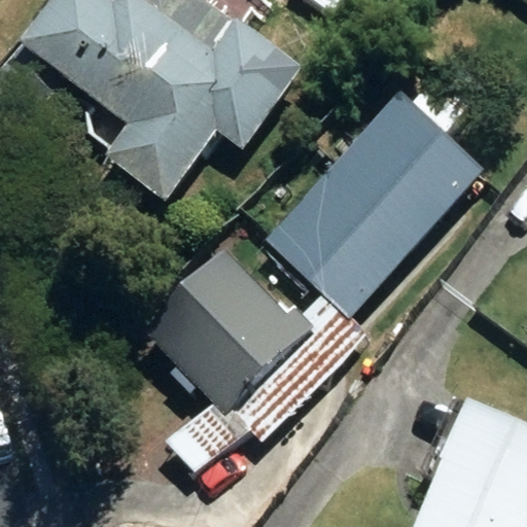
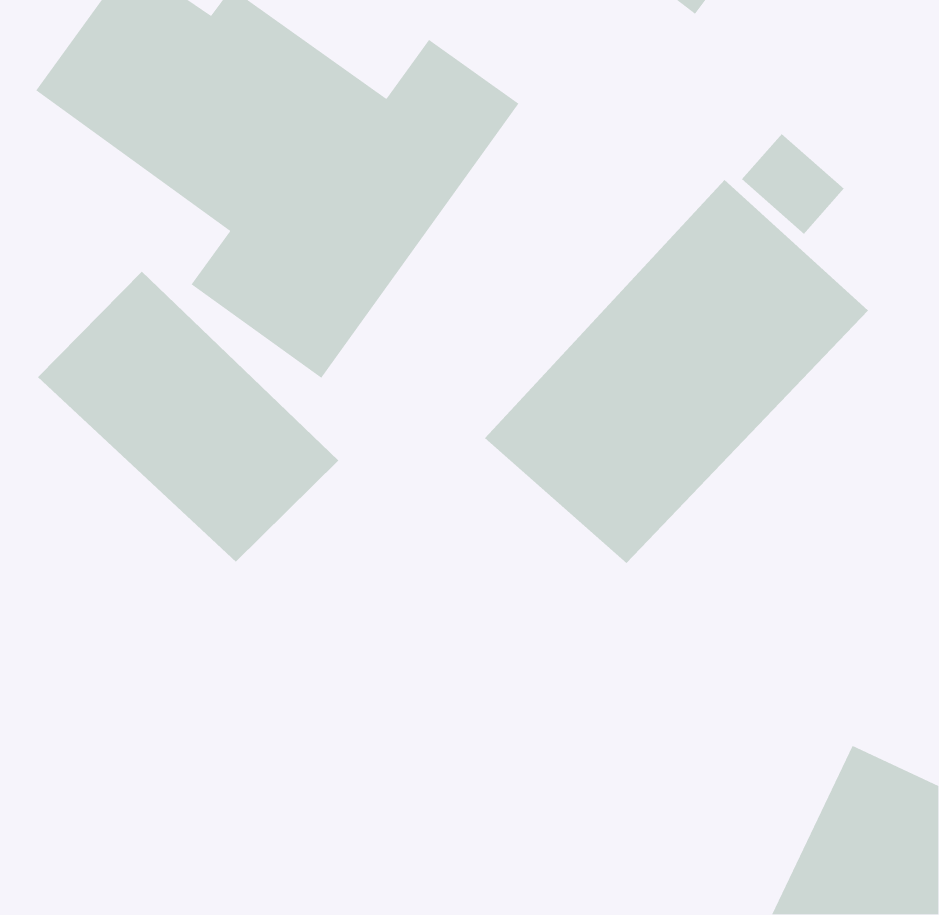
building: none -> [37,271,339,563]
building: [148,256,316,417] -> none

